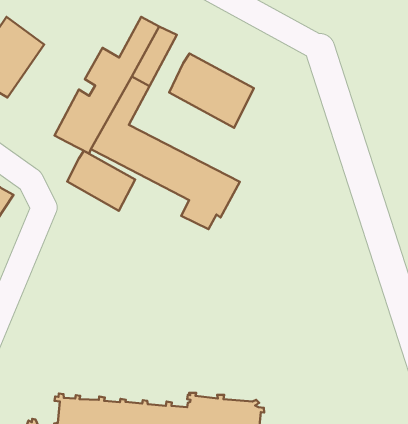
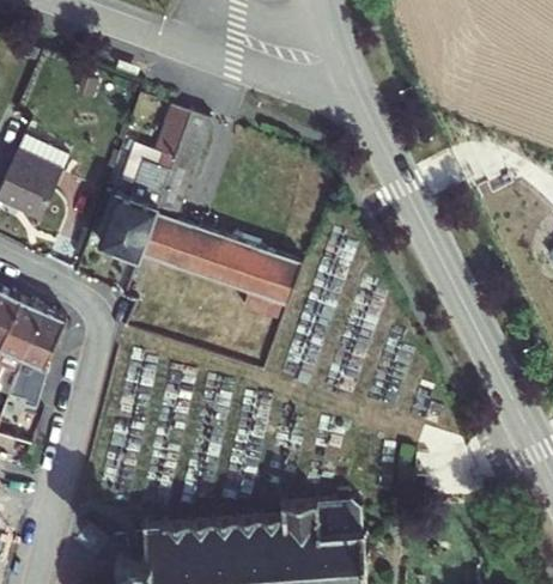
building: [169,54,254,128] -> none
building: [67,151,135,211] -> none

